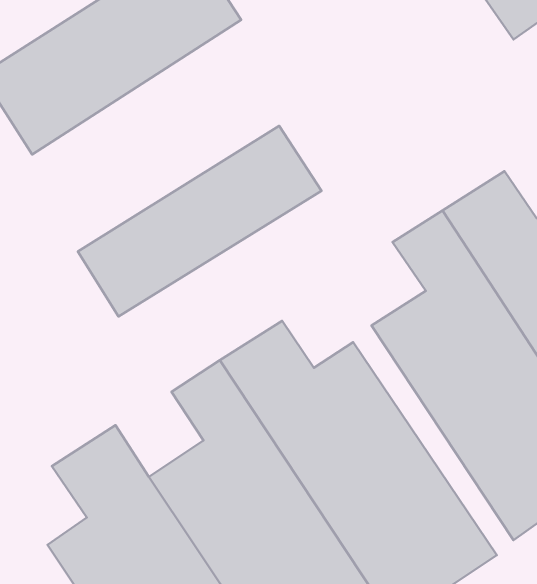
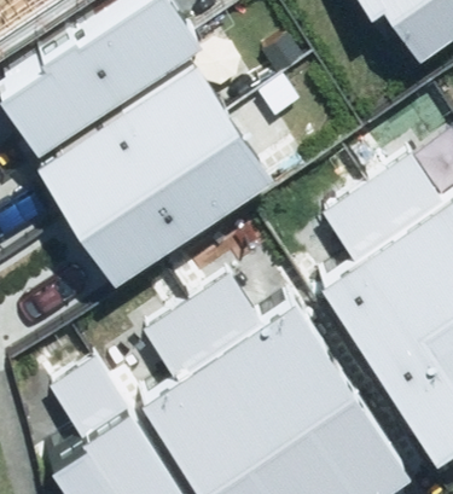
building: none -> [34,47,233,209]

